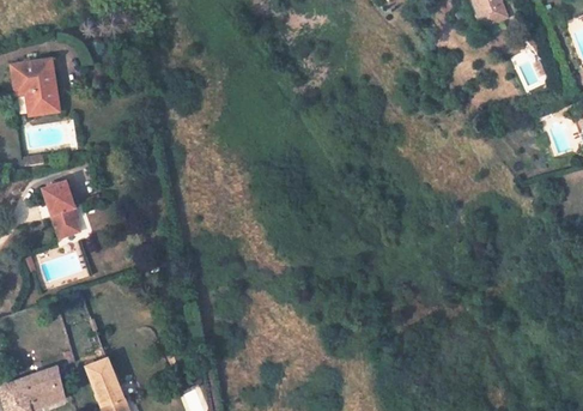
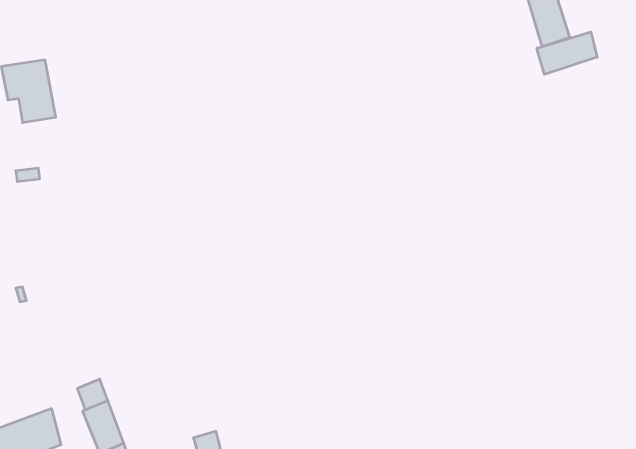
building: none -> [537,32,597,74]
building: [36,182,87,241] -> none

